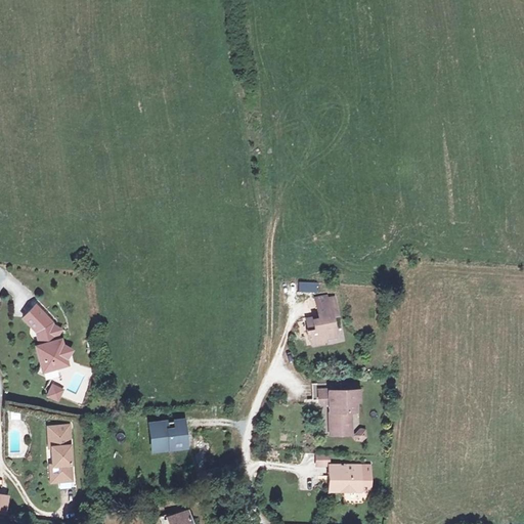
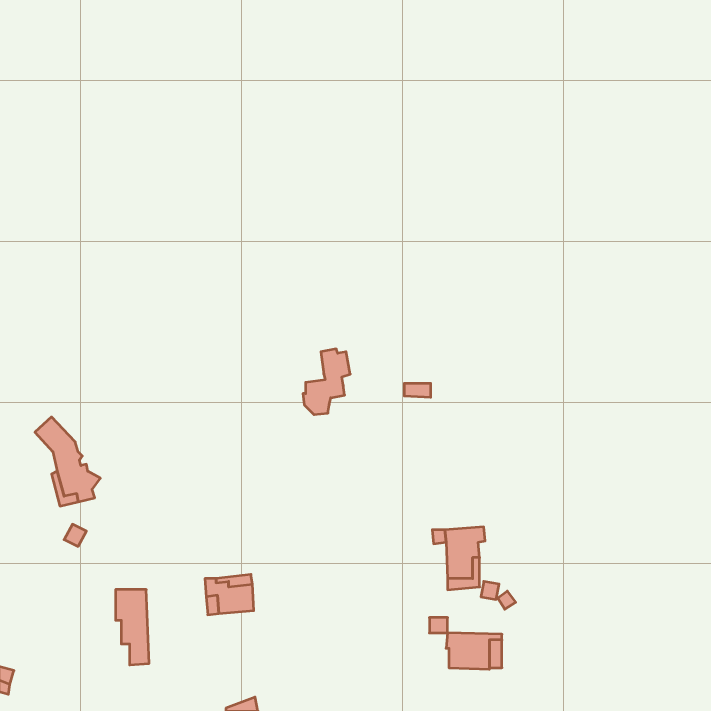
building: [303,295,338,343] -> [303,349,350,415]
building: [48,427,73,482] -> [116,590,149,665]

